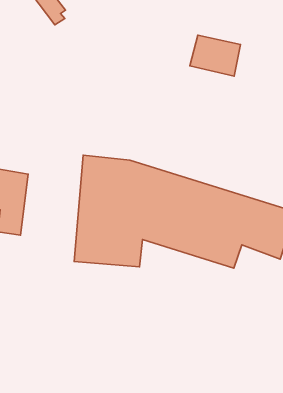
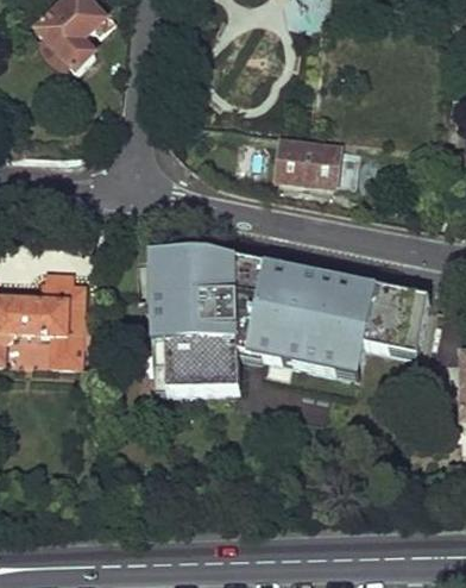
building: [190,35,240,76] -> [272,136,334,183]

